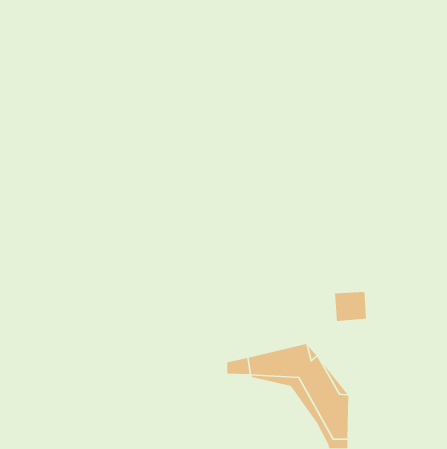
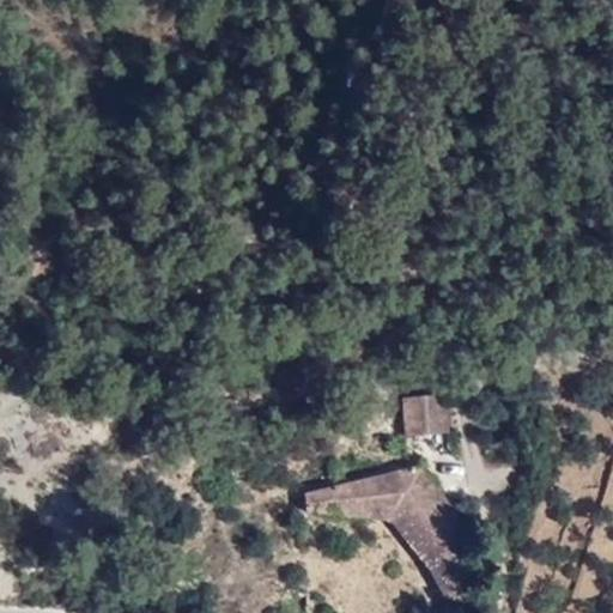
building: [334,291,367,322] -> [401,392,445,433]

